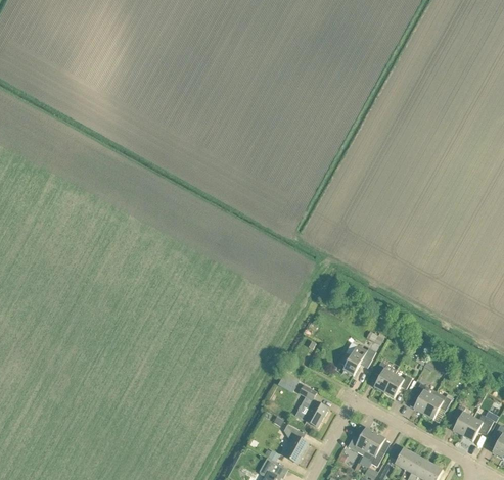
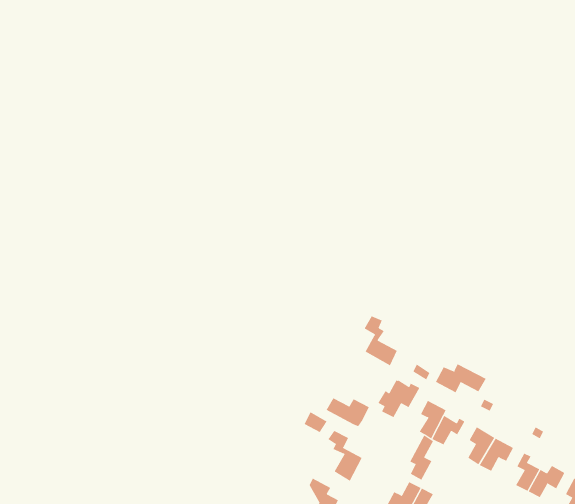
building: none -> [364,316,398,366]
building: none -> [435,364,486,393]
building: none -> [326,398,369,427]
building: none -> [409,435,434,480]

